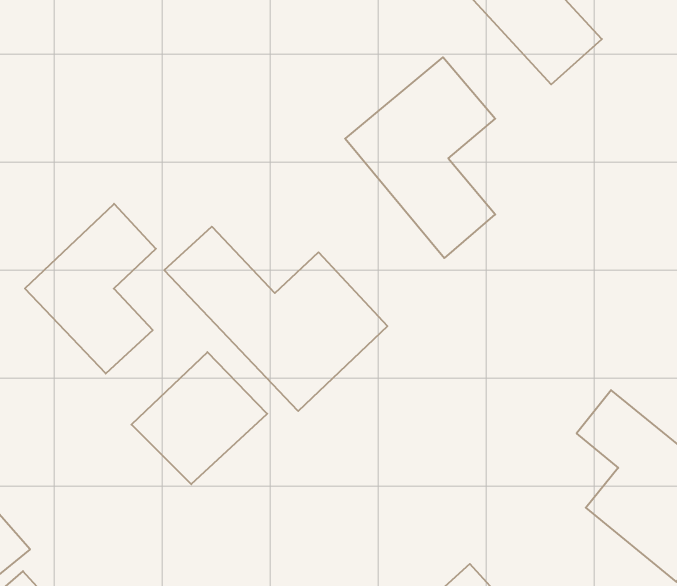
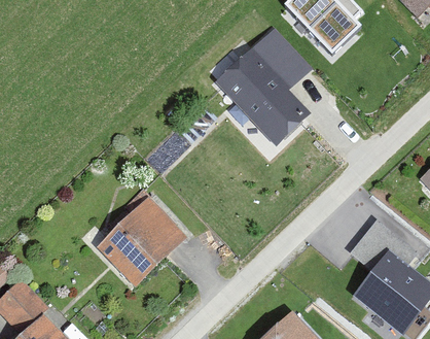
building: [25,204,156,374] -> none
building: [164,227,387,411] -> none

